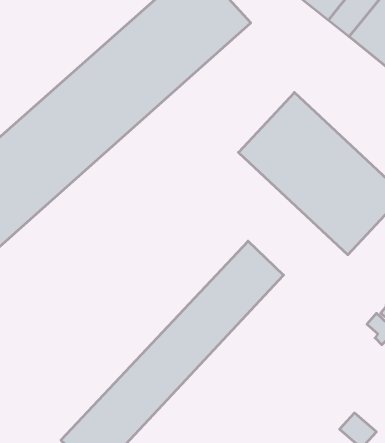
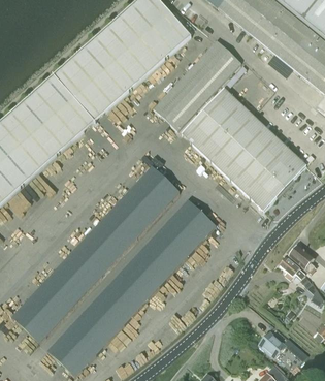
building: none -> [154,40,240,131]
building: none -> [11,166,180,343]

